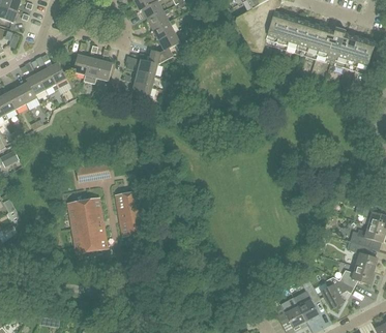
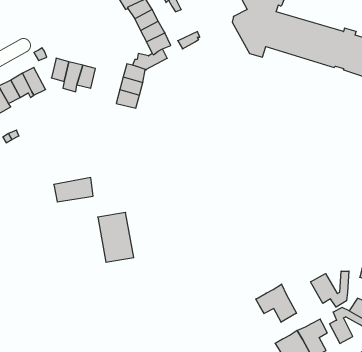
building: [66,198,108,253] -> none
building: none -> [311,271,349,307]
building: none -> [256,284,297,322]

